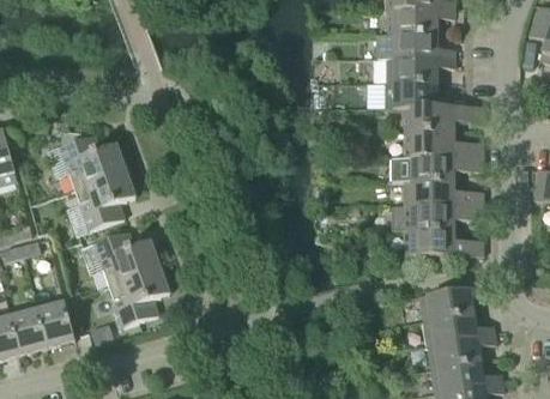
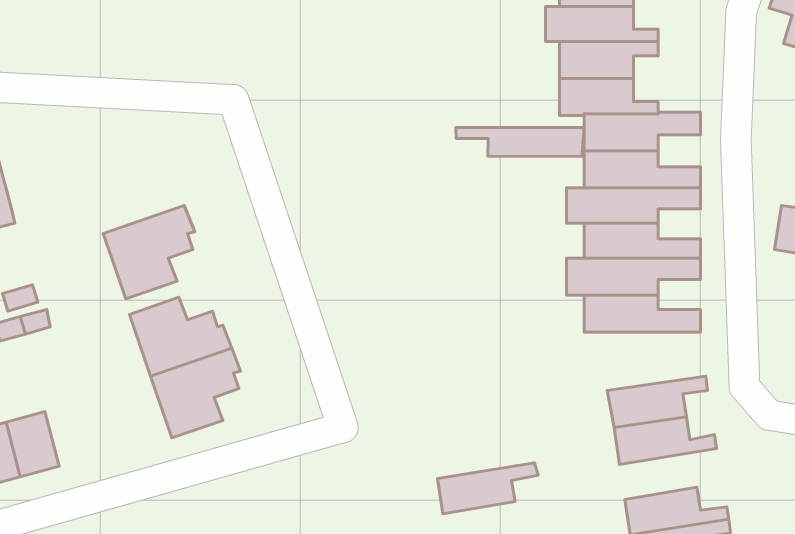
building: none -> [456,127,584,156]
building: [62,133,132,188] -> none
building: [37,302,74,346] -> none
building: [428,334,496,369] -> [438,463,538,514]

